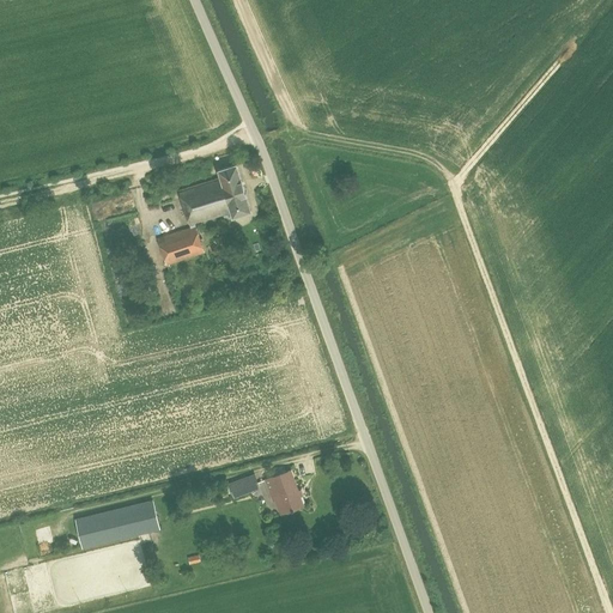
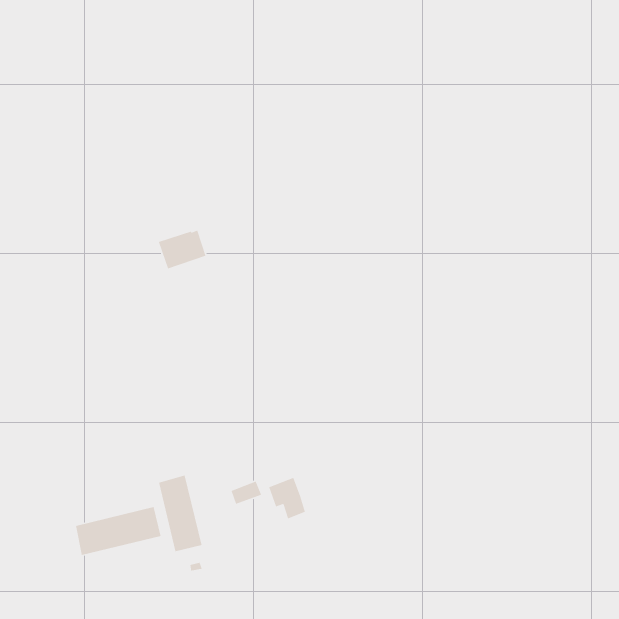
building: [177,165,250,226] -> none
building: none -> [158,475,202,552]

